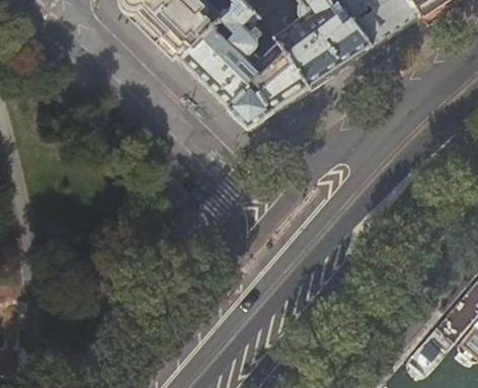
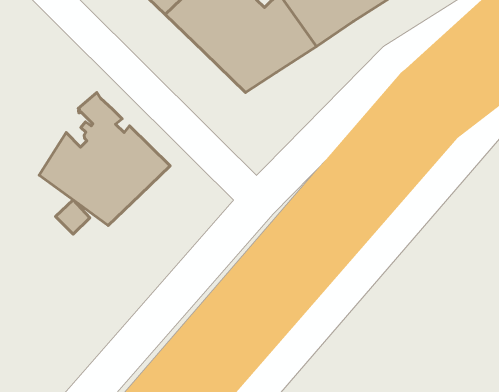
building: none -> [39,92,170,225]

